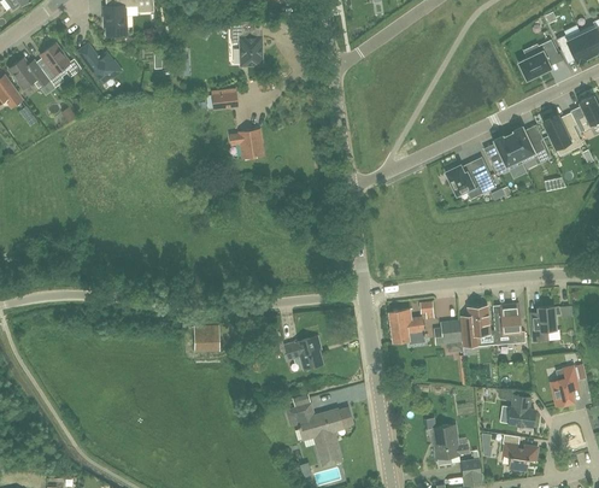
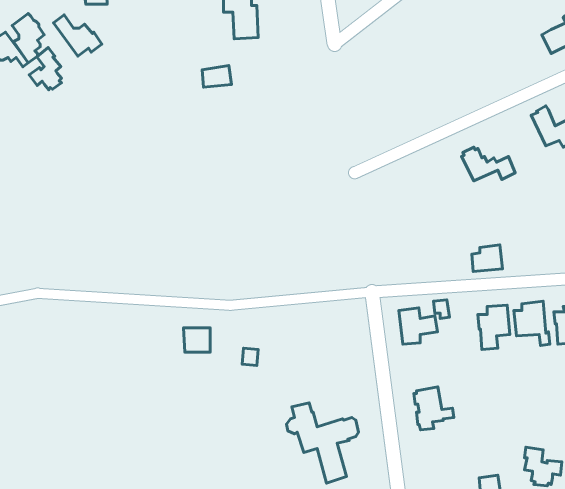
building: none -> [29,47,62,90]
building: [230,129,264,158] -> none
building: [491,135,522,175] -> none
building: [434,319,462,343] -> [472,245,503,271]
building: [284,335,323,369] -> none
building: [500,394,534,427] -> none
building: [433,424,469,463] -> [414,387,454,430]

